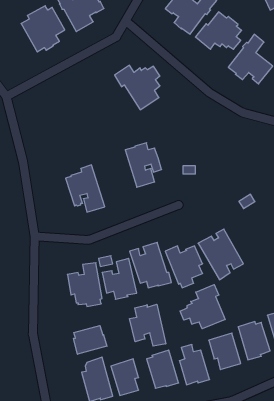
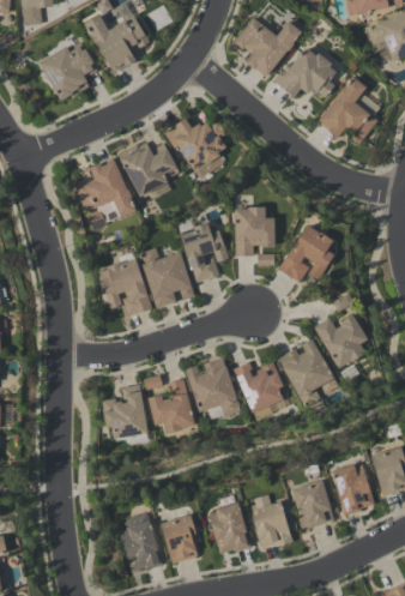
building: none -> [119,142,179,197]
building: none -> [73,157,135,230]
building: none -> [234,207,274,255]
building: none -> [278,225,333,283]
building: none -> [138,248,194,308]
building: none -> [313,315,367,368]
building: [180,285,225,329] -> none
building: [130,304,166,346] -> none
building: [74,326,107,354] -> none

